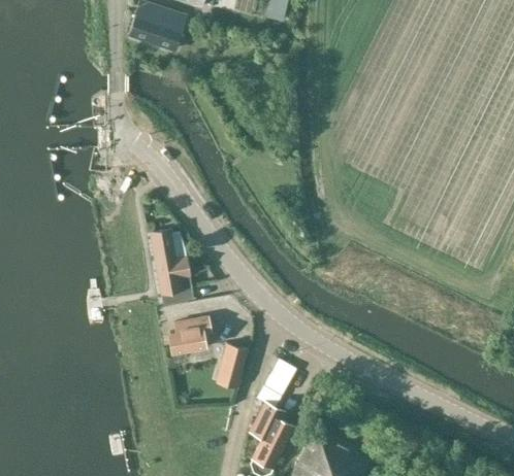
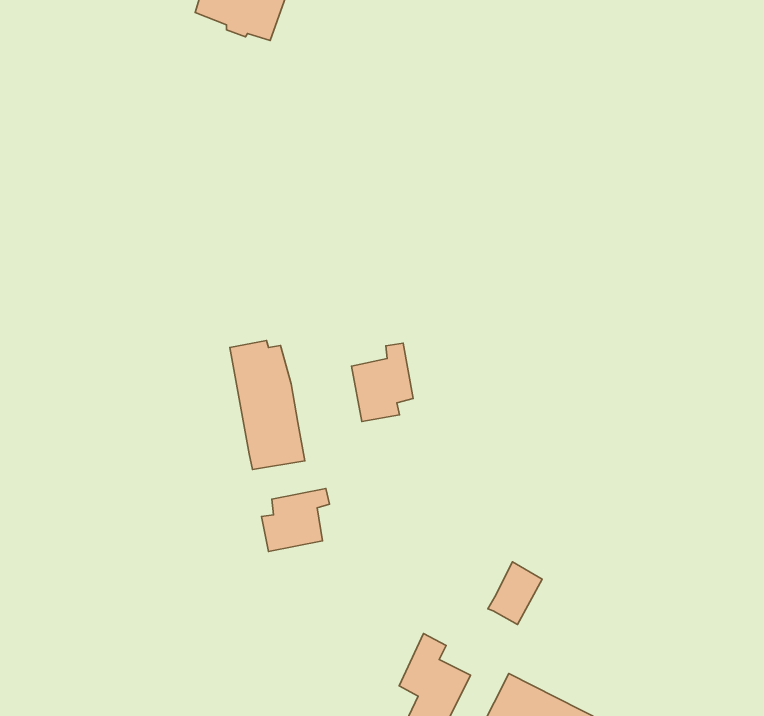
building: none -> [352,343,413,422]
building: [216,343,246,387] -> none
building: [263,359,295,396] -> [488,562,542,625]

